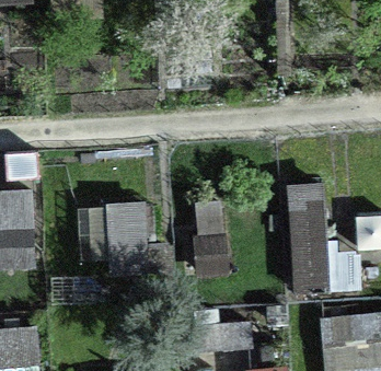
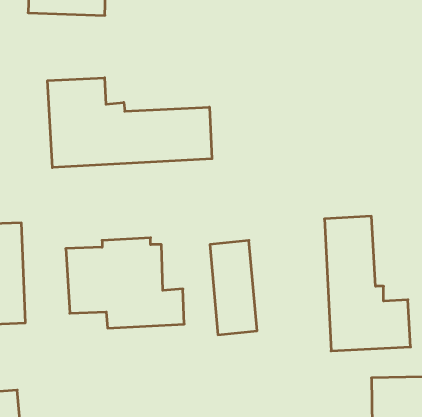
building: none -> [48,78,212,168]

